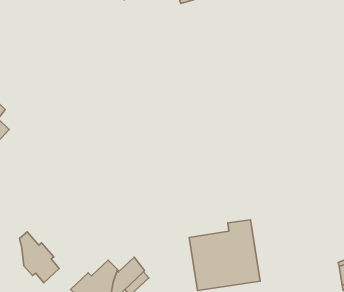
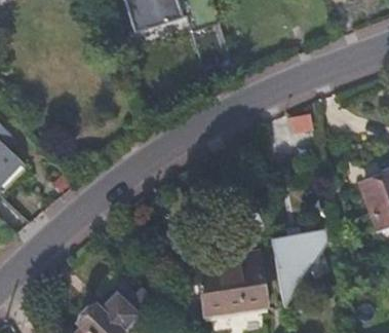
building: none -> [272,228,329,306]
building: [20,232,59,283] -> none

